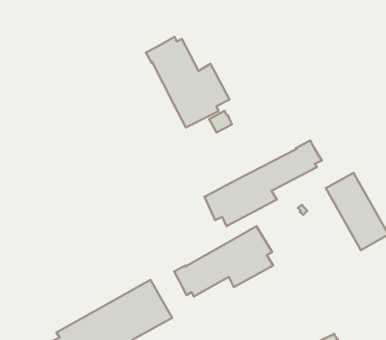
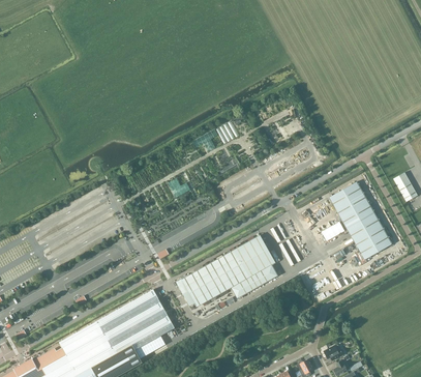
building: [146,37,229,127] -> none
building: [205,141,322,226] -> none

